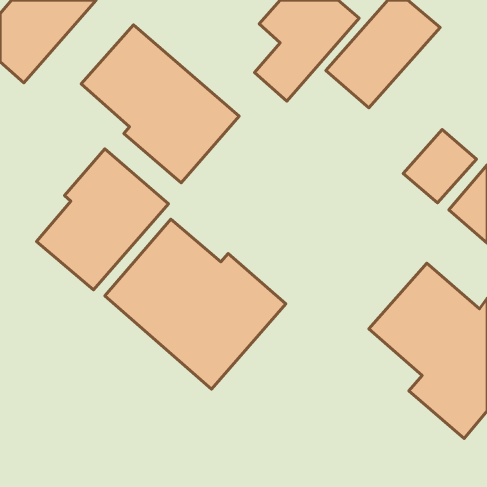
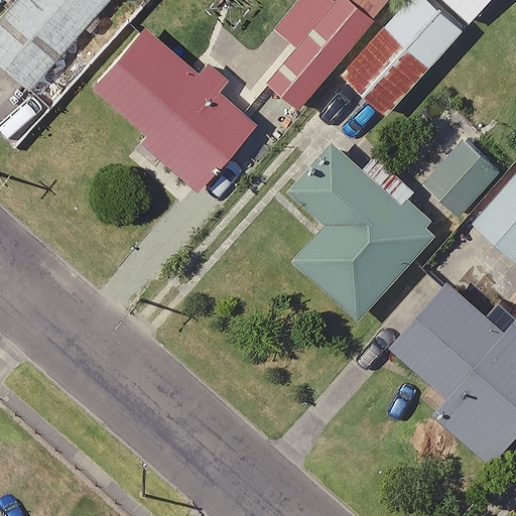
building: none -> [289,141,436,318]
building: [36,149,168,290] -> none
building: [105,219,286,389] -> none

